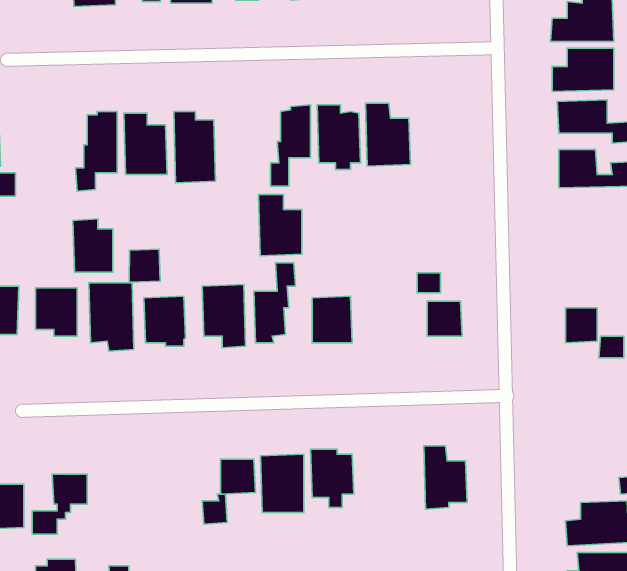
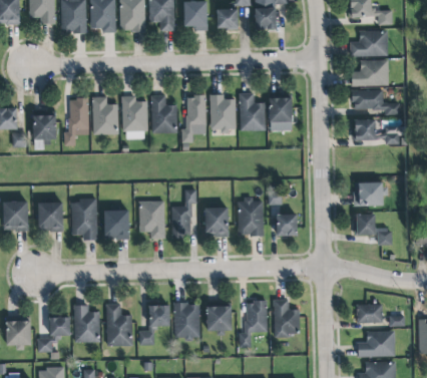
building: none -> [268,90,291,125]
building: [258,194,302,256] -> [149,94,175,131]
building: [73,219,113,272] -> [33,109,57,141]
building: [129,249,160,282] -> none
building: none -> [354,182,387,207]
building: none -> [236,196,263,234]
building: none -> [240,301,269,347]
building: none -> [106,304,132,346]
building: none -> [74,305,100,342]
building: none -> [357,305,383,323]

